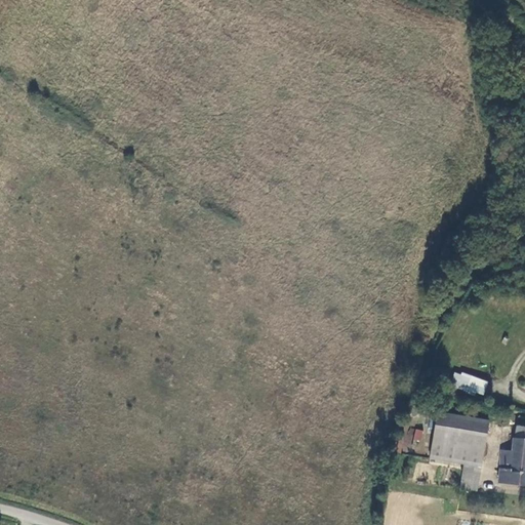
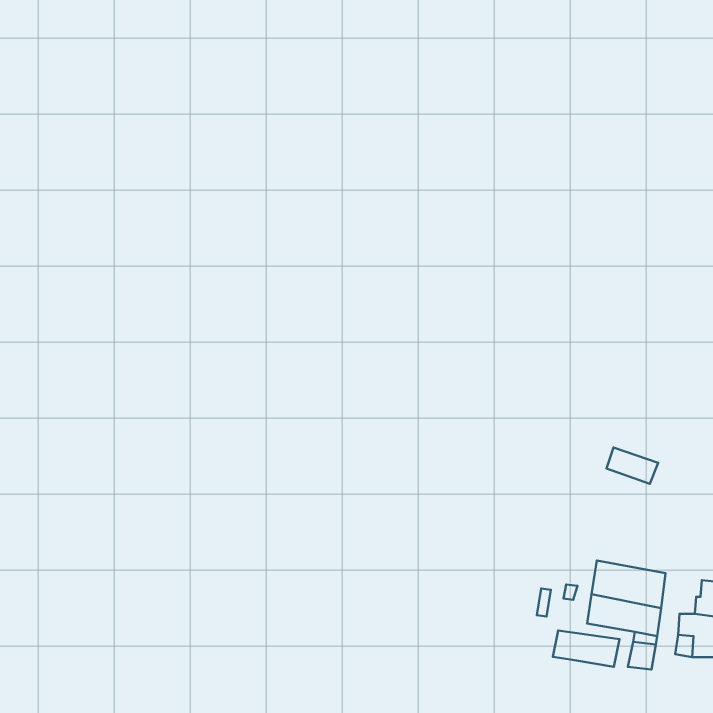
building: [451,369,489,396] -> [606,448,658,484]
building: none -> [553,630,619,667]

